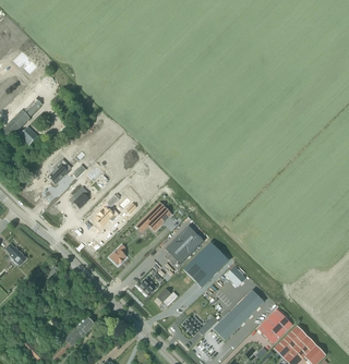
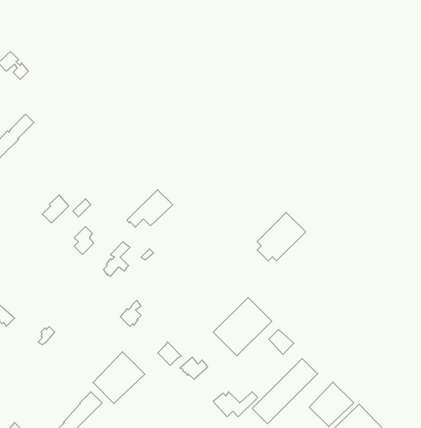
building: [134,204,170,233] -> [127,190,173,227]
building: [164,227,202,265] -> [257,212,306,261]
building: none -> [93,352,145,404]

